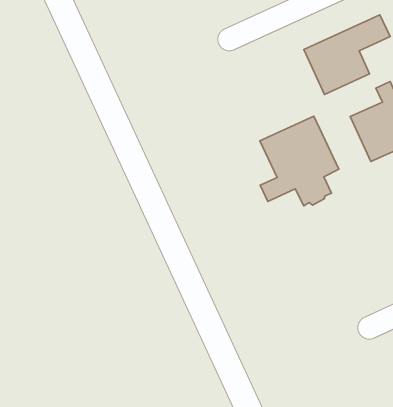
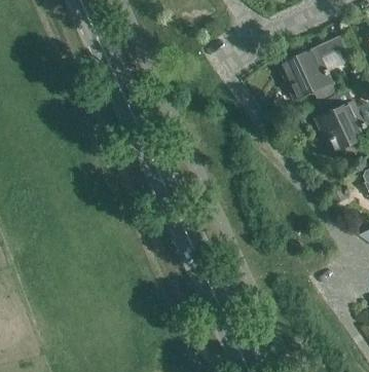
building: [260,116,339,206] -> none

